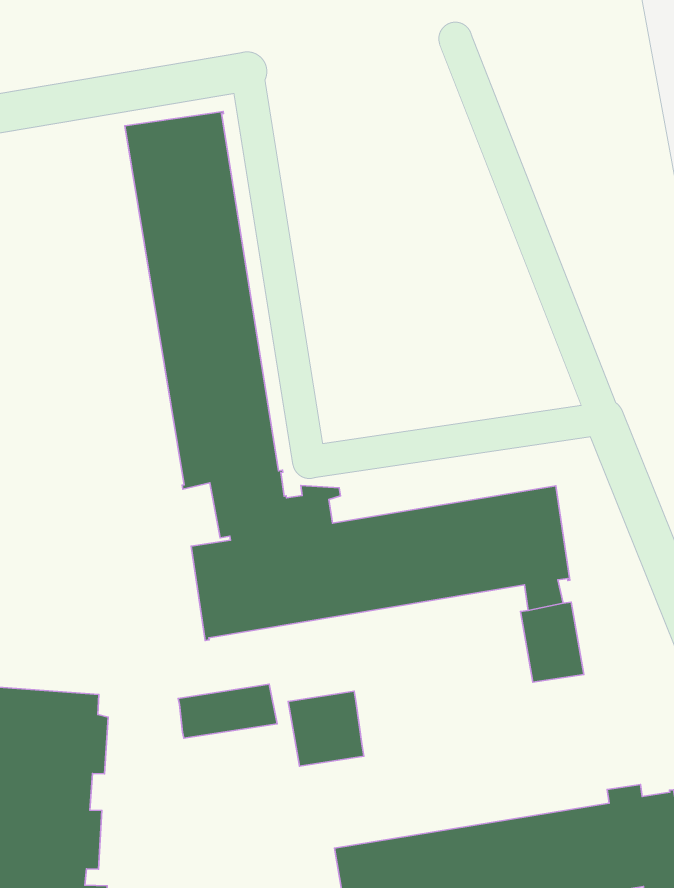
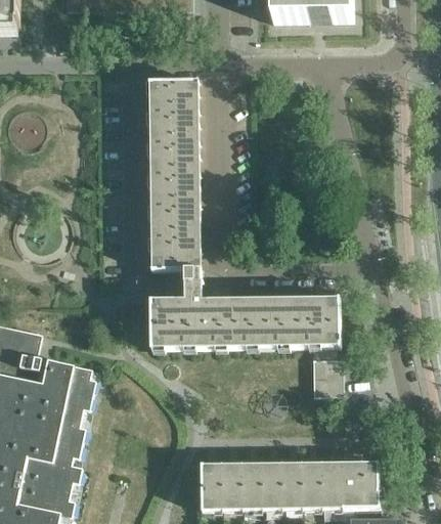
building: [178,684,277,738] -> none
building: [288,691,364,766] -> none

